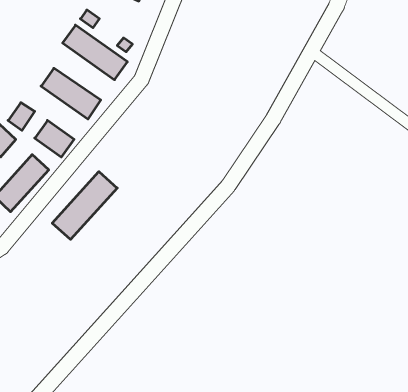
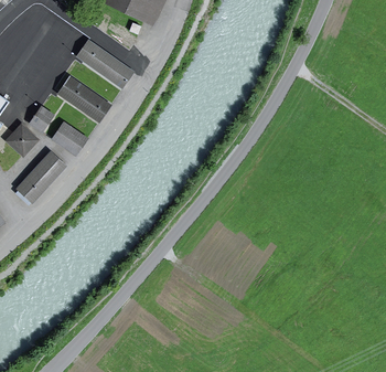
building: [52,172,117,239] -> none

